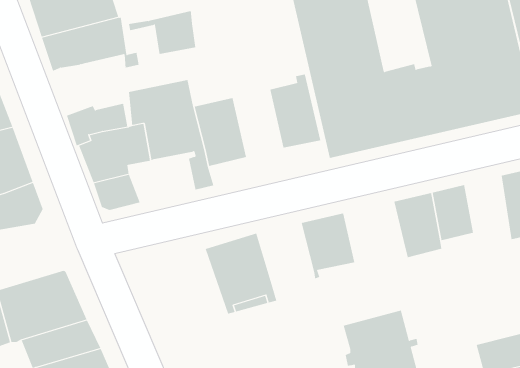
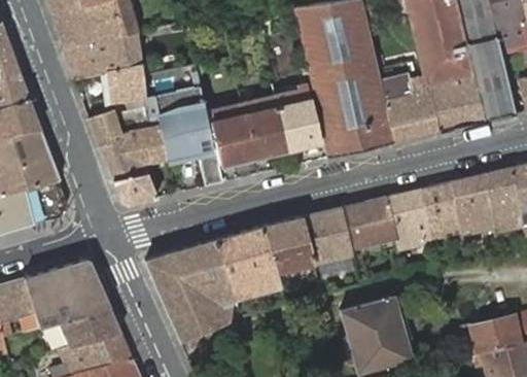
building: [128,10,196,54] -> [83,64,145,104]
building: none -> [241,96,286,158]
building: none -> [452,174,495,245]
building: none -> [342,198,397,258]
building: none -> [262,217,314,271]
building: none -> [146,241,236,341]

